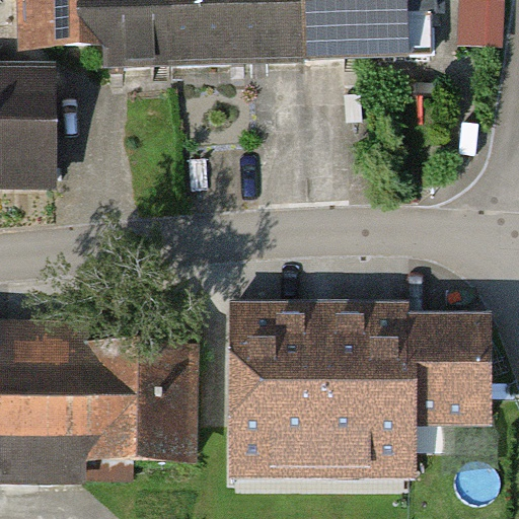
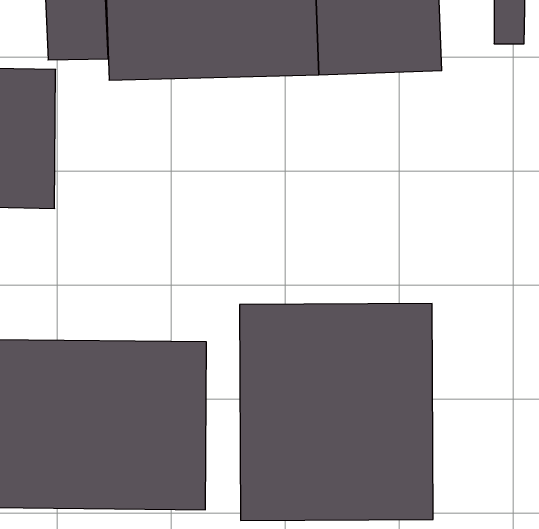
building: [419,321,492,435] -> none

